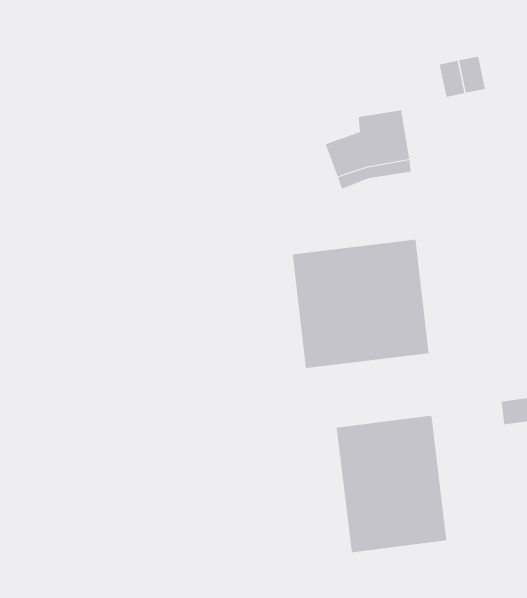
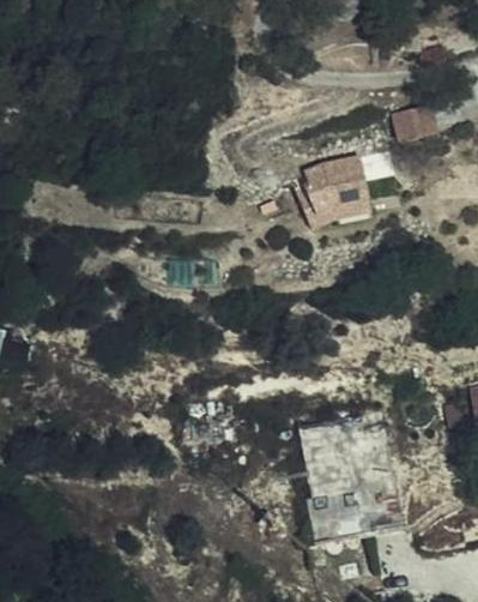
building: [292,239,429,369] -> none

